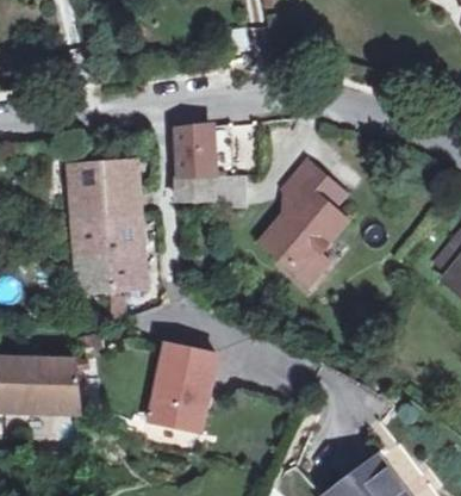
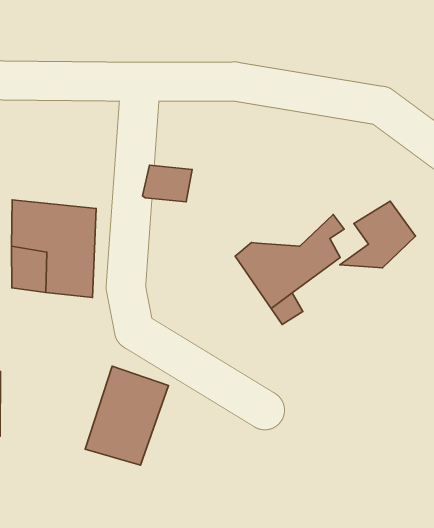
building: [176,120,214,170] -> none
building: [63,161,137,215] -> none
building: [274,165,334,223] -> [340,201,416,268]

